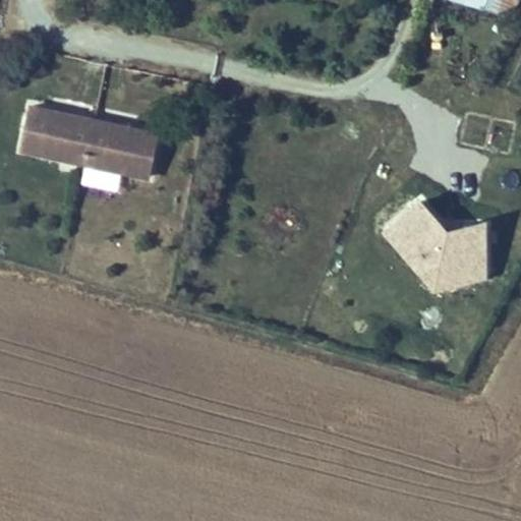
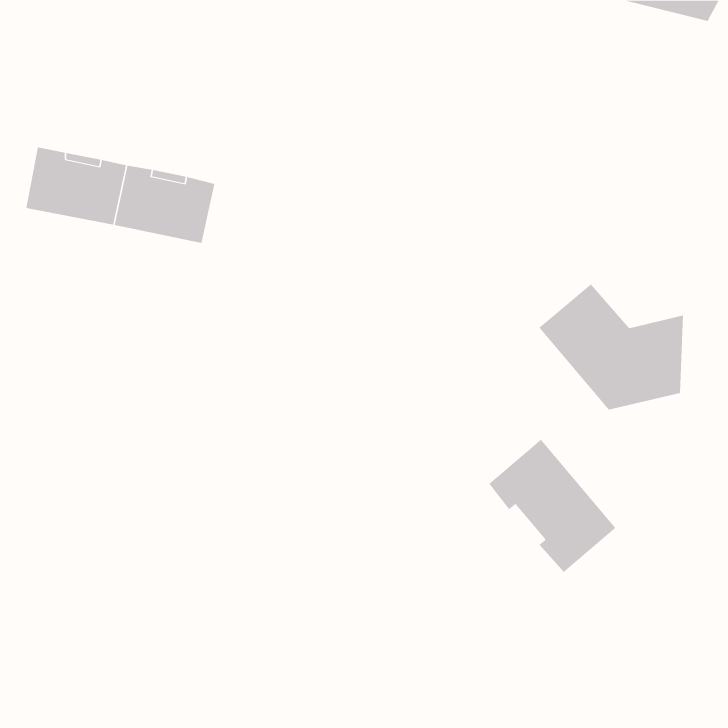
building: none -> [489,439,616,573]

